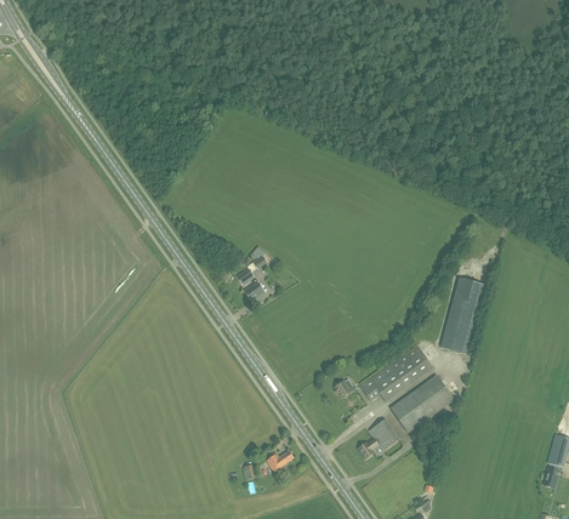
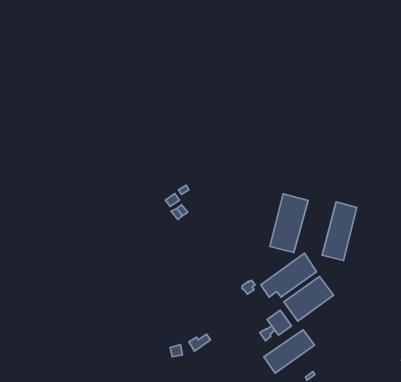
building: none -> [270,194,308,253]
building: none -> [264,330,314,373]

